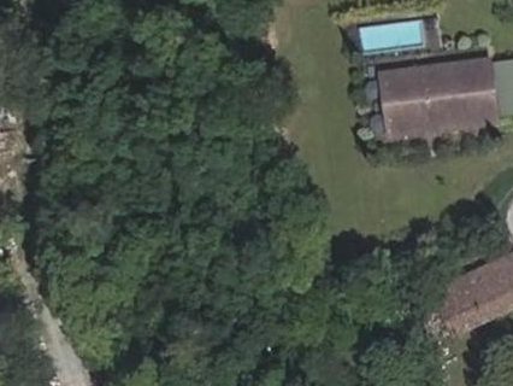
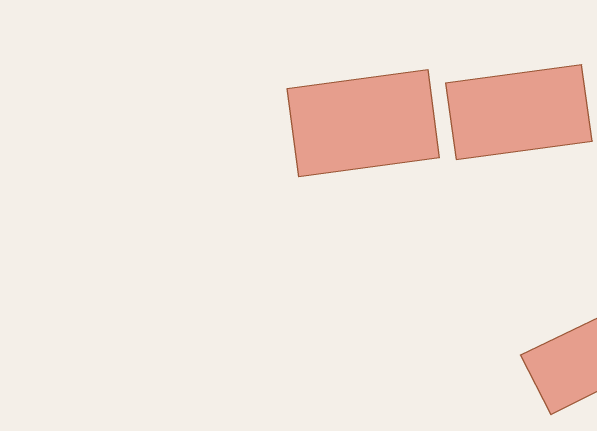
building: none -> [287,70,439,177]

